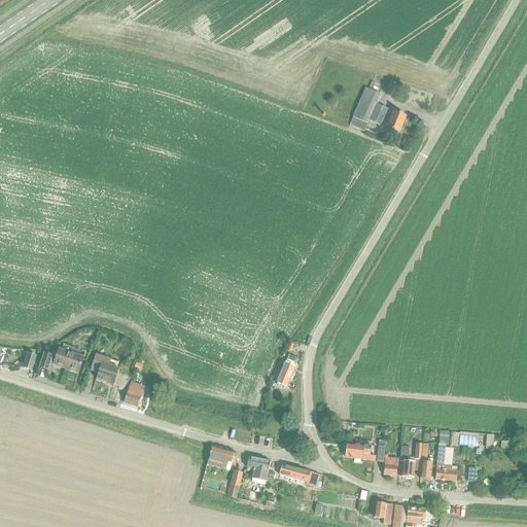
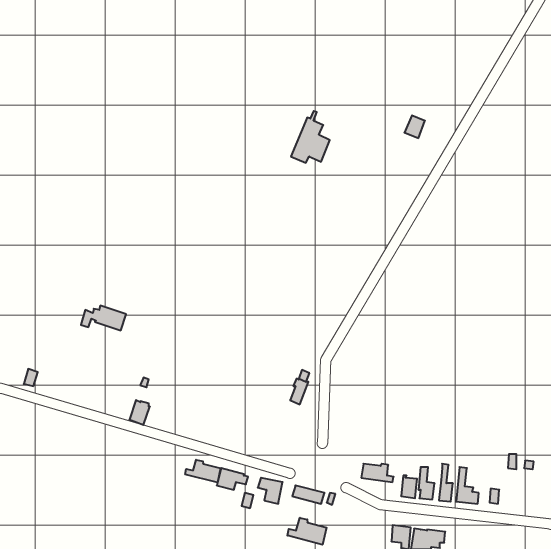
building: [350,80,387,130] -> [291,111,330,163]
building: [40,348,83,372] -> [81,306,126,330]
building: [91,353,118,383] -> none
building: none -> [185,460,221,482]
building: none -> [287,518,327,545]

